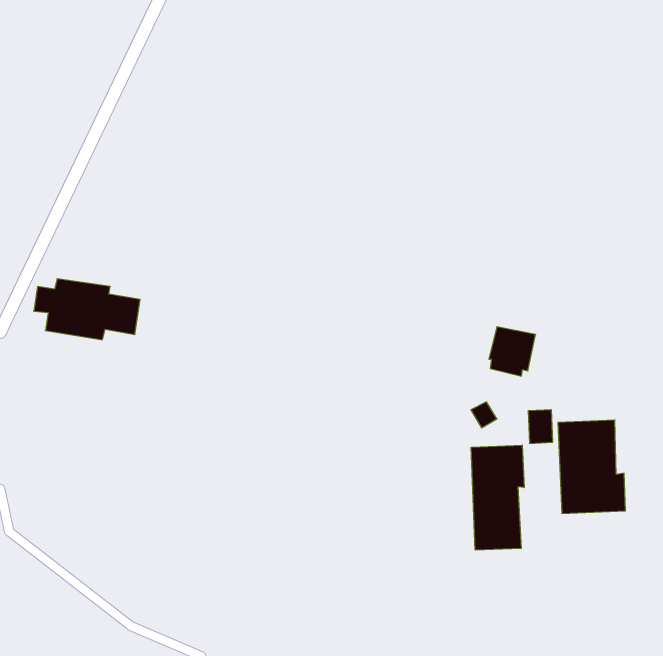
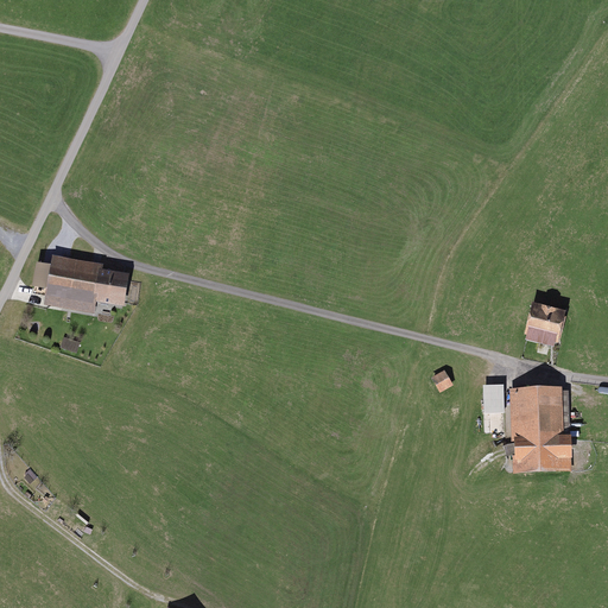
building: [489,327,536,376] -> [524,302,566,347]
building: [471,445,524,550] -> none

